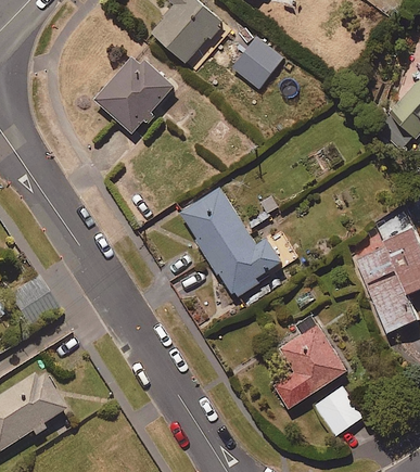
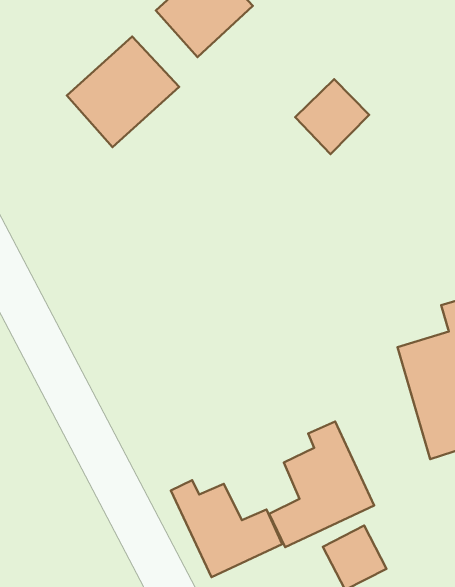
building: [229,34,282,88] -> [295,79,369,154]
building: [180,187,283,297] -> none
building: none -> [171,480,282,577]

